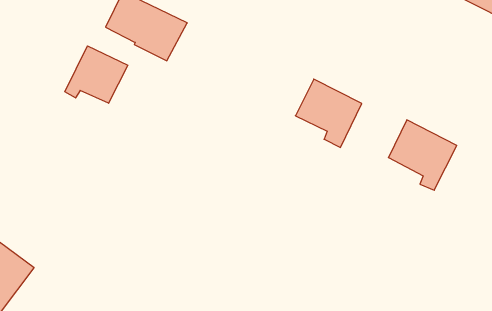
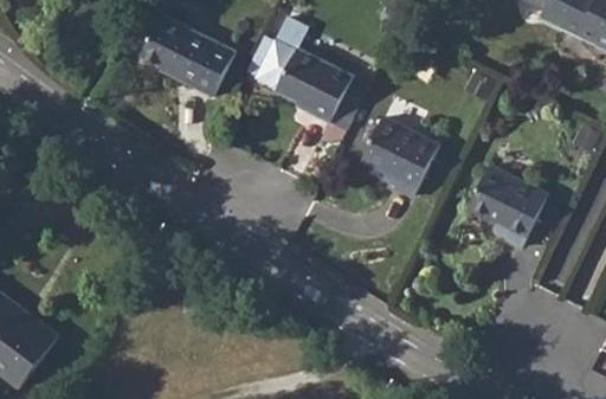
building: none -> [257,41,366,124]
building: [65,46,128,103] -> none

